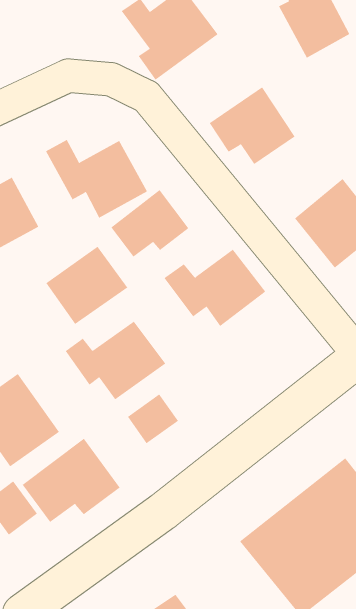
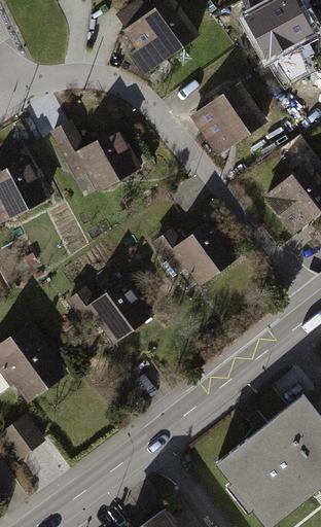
building: [110,189,189,257] -> none
building: [46,246,128,325] -> none
building: [127,394,179,444] -> none
building: [22,438,120,523] -> none

